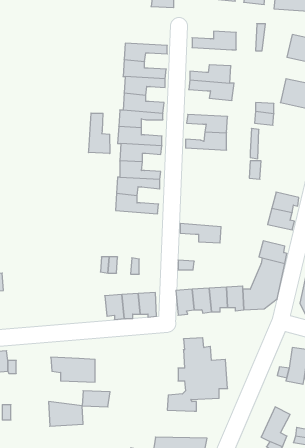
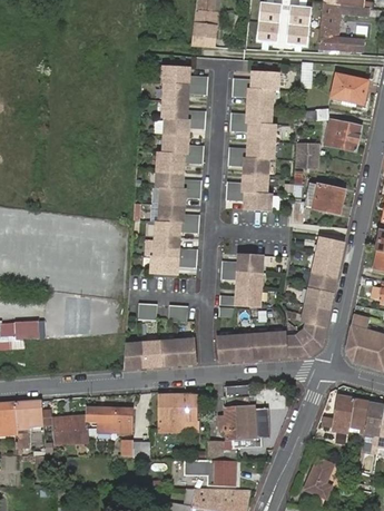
building: none -> [161,65,208,85]
building: none -> [232,87,274,106]
building: none -> [228,139,274,158]
building: [89,113,110,154] -> none
building: none -> [312,184,343,212]
building: none -> [225,190,272,210]
building: none -> [220,253,264,272]
building: none -> [151,255,197,274]
building: none -> [306,269,336,292]
building: none -> [219,287,262,306]
building: none -> [122,343,145,370]
building: none -> [157,394,197,431]
building: [49,402,83,426] -> [53,417,89,443]
building: none -> [183,461,235,488]

